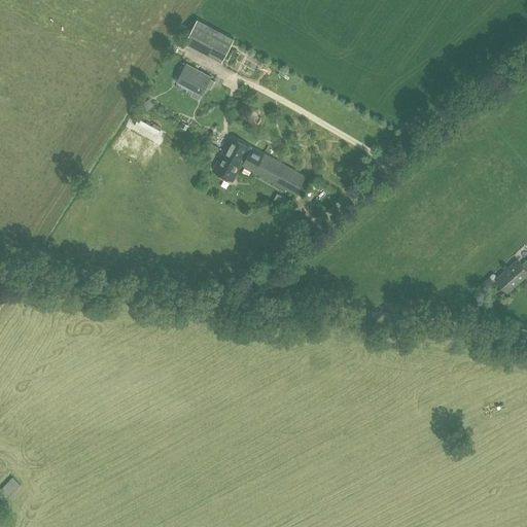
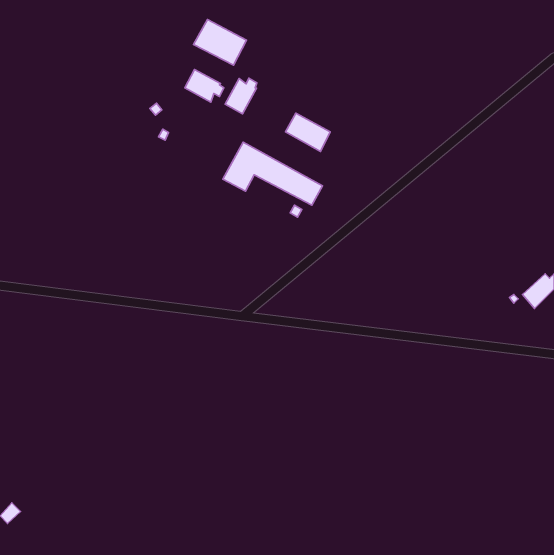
building: none -> [225,78,257,114]
building: none -> [286,113,330,151]

